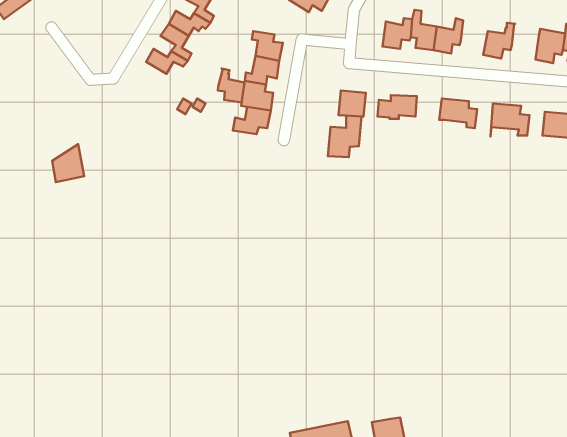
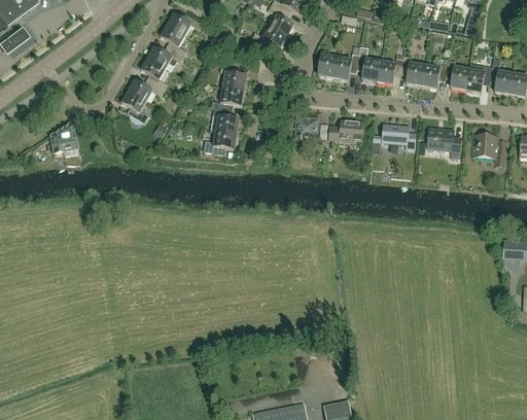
building: none -> [317,47,336,77]
building: none -> [400,55,424,84]
building: none -> [445,58,468,89]
building: none -> [121,91,147,122]
building: [218,69,245,102] -> none
building: [328,116,362,157] -> none
building: [52,144,84,182] -> [49,118,77,151]

